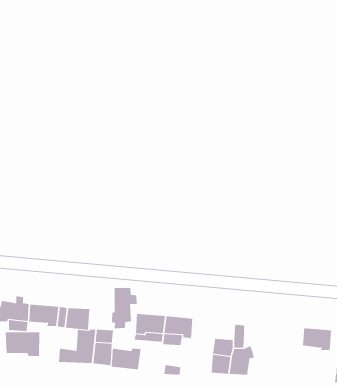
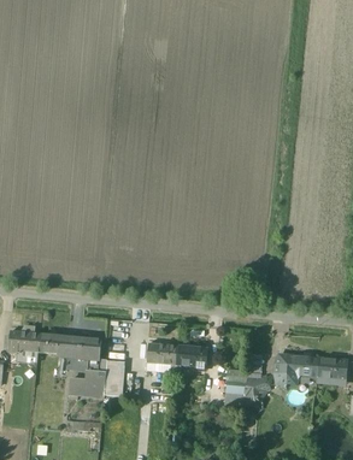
building: [111,287,137,329] -> none
building: none -> [275,354,318,385]
building: [5,331,40,357] -> none
building: [111,348,141,370] -> none

